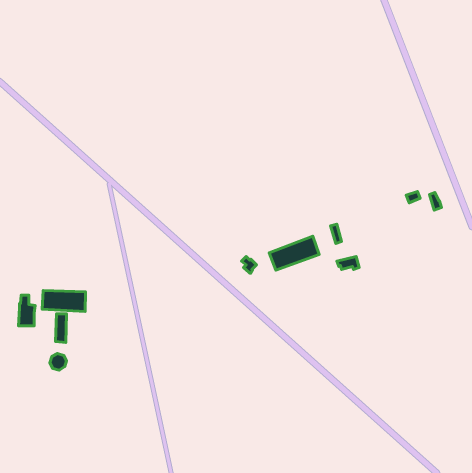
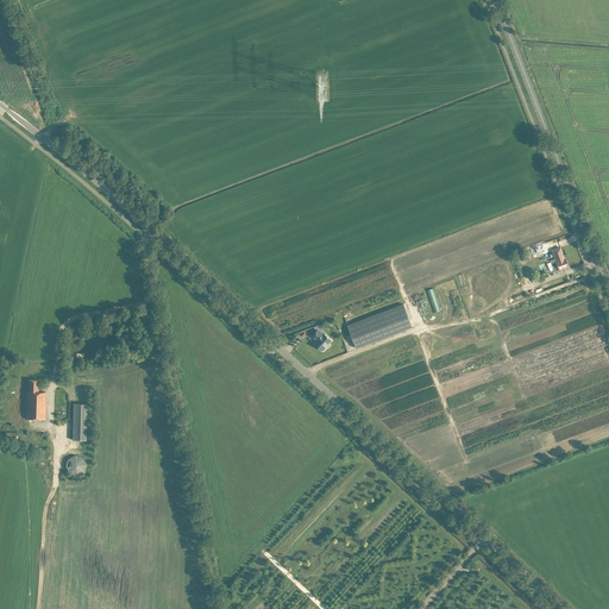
building: [42,290,86,312] -> none

